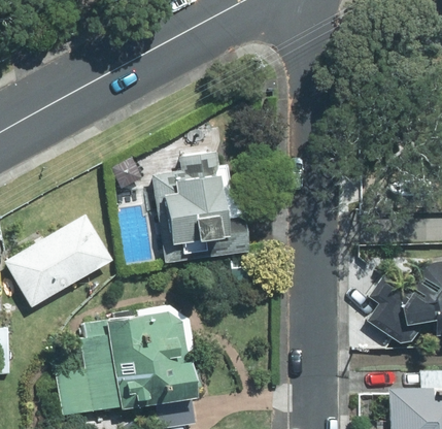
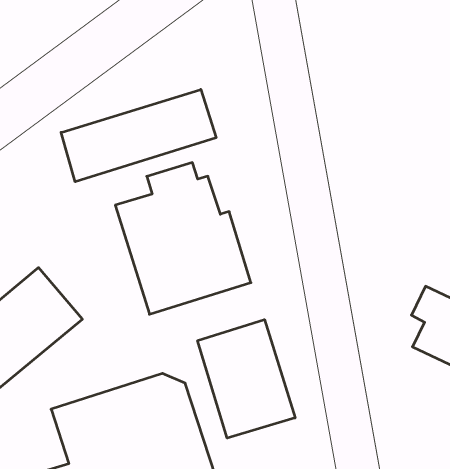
building: none -> [61,89,216,182]
building: none -> [198,320,295,438]

